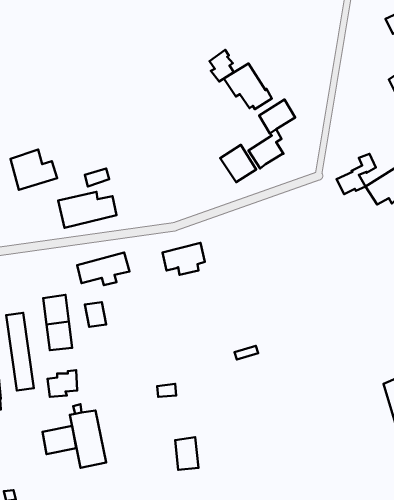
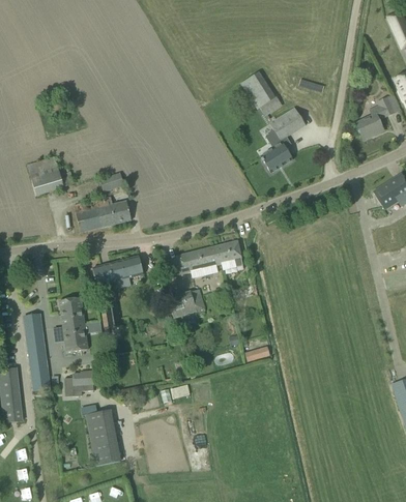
building: [209,50,234,82] -> none
building: [220,145,256,182] -> none
building: [337,154,376,194] -> [355,98,394,138]
building: none -> [212,240,242,270]
building: none -> [167,289,205,318]
building: [42,426,76,454] -> none

